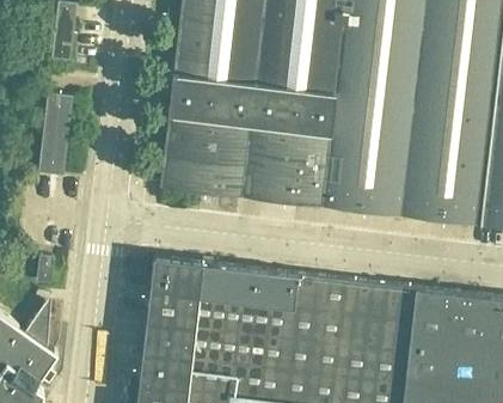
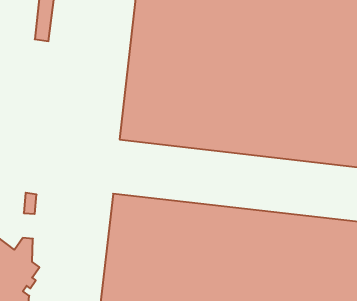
building: [38,93,72,176] -> none

